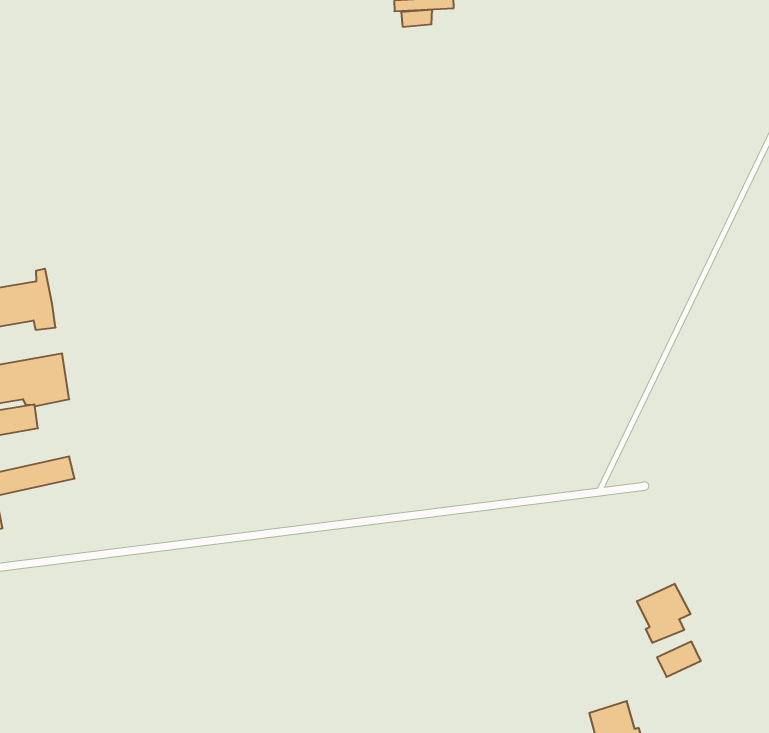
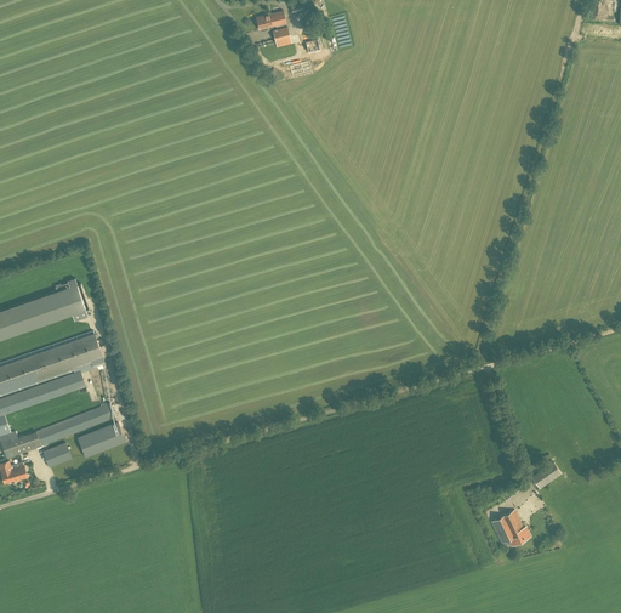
building: none -> [78,422,124,456]
building: [637,584,690,643] -> none

